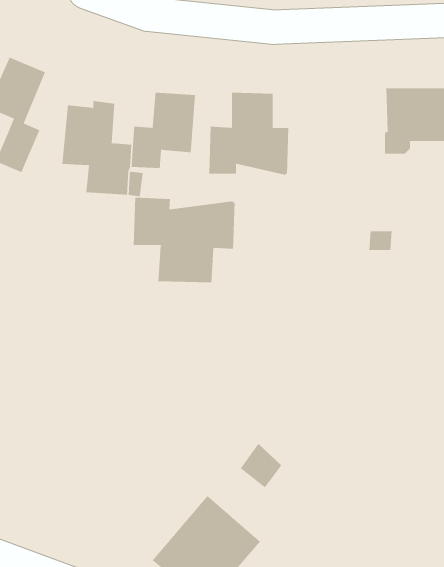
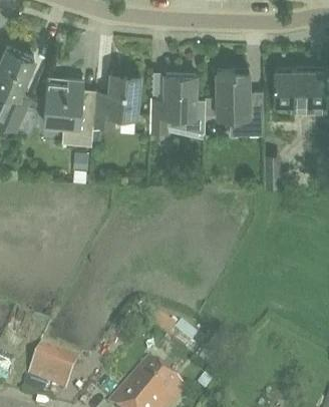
building: none -> [216,67,263,132]
building: [133,197,235,283] -> none
building: none -> [29,342,77,386]

